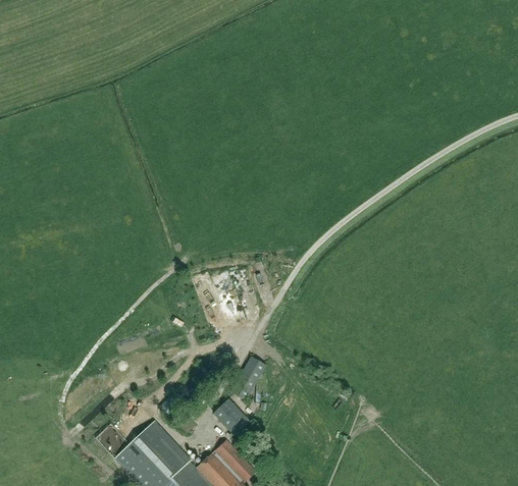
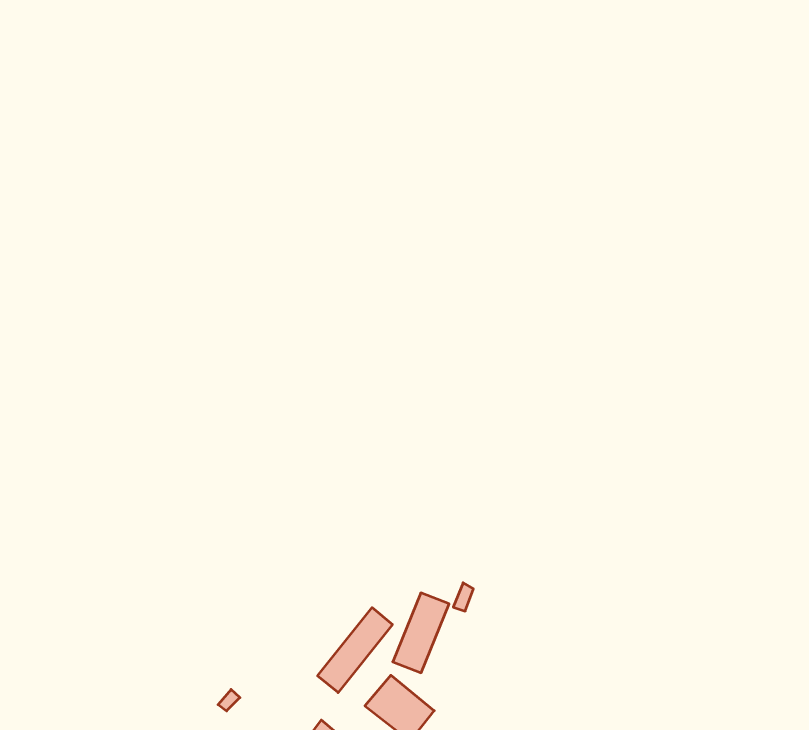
building: none -> [318,608,392,693]

